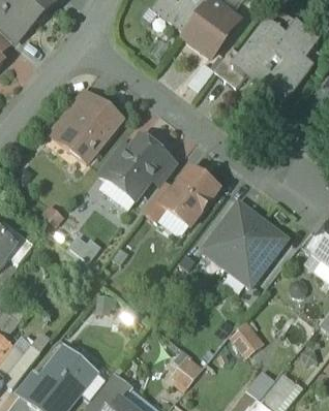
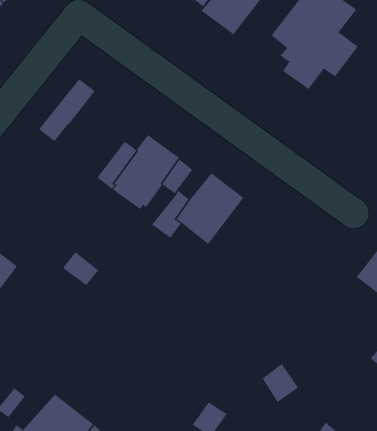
building: [213,49,252,89] -> none
building: [64,101,121,162] -> none
building: [203,201,287,285] -> none

